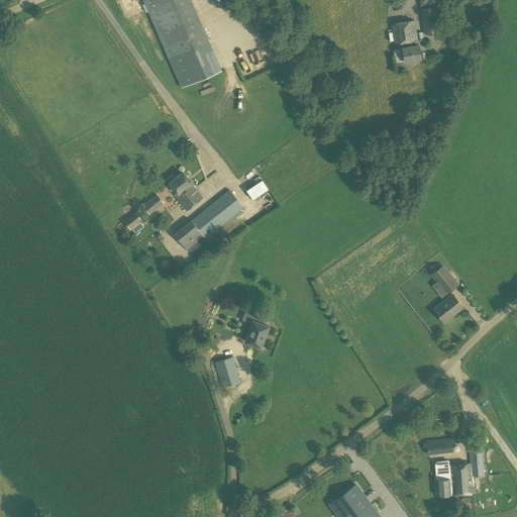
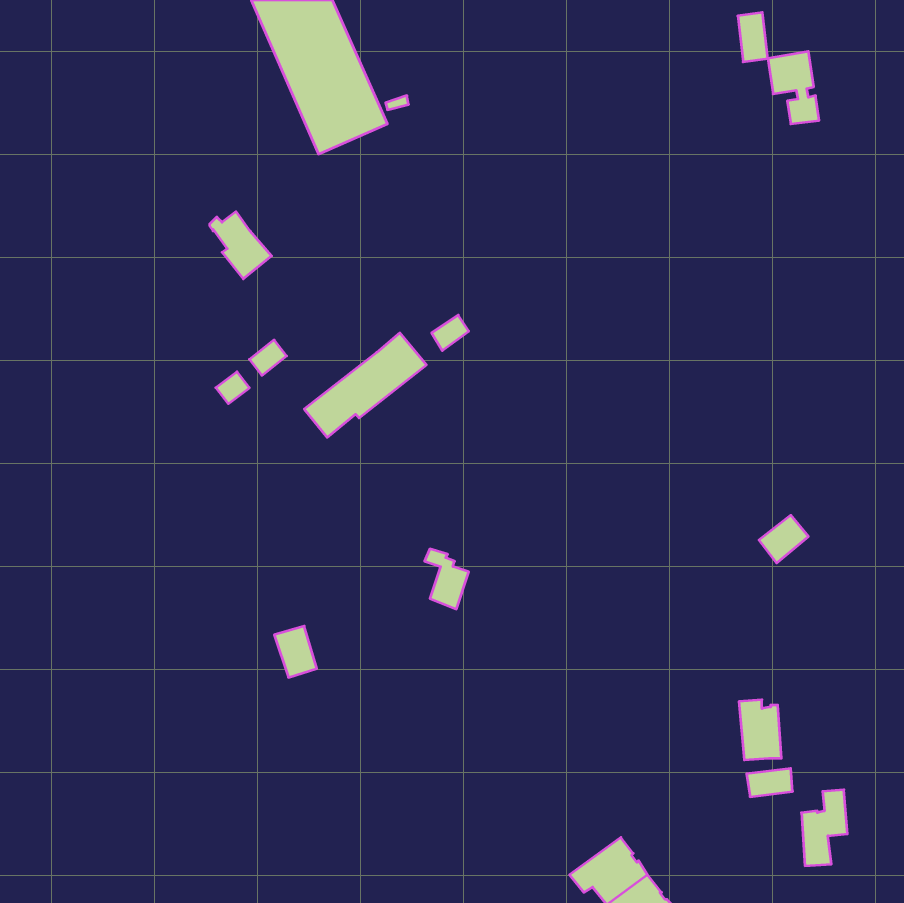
building: [391,21,420,63] -> [768,51,819,124]
building: [168,173,203,211] -> [210,212,272,279]
building: [431,266,458,295] -> none
building: [215,357,239,387] -> [274,626,317,677]
building: [435,461,459,496] -> [739,700,781,760]

